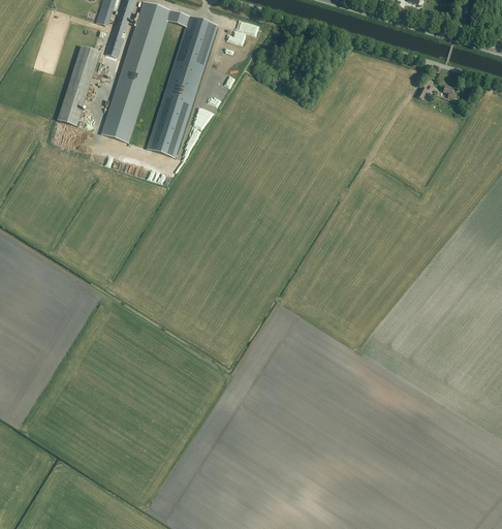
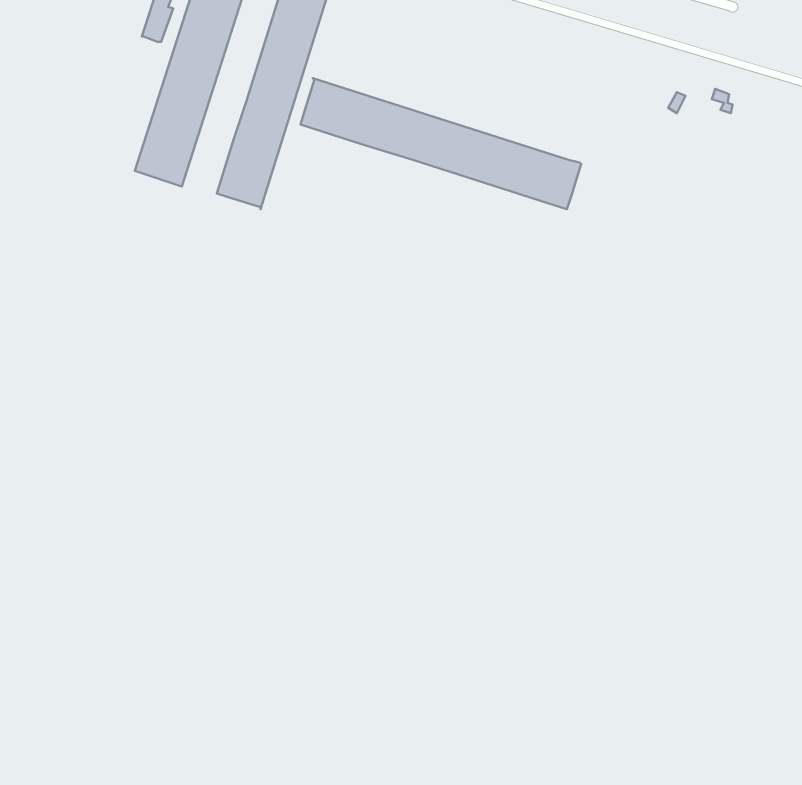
building: [56,45,99,126] -> none
building: none -> [300,78,581,209]

